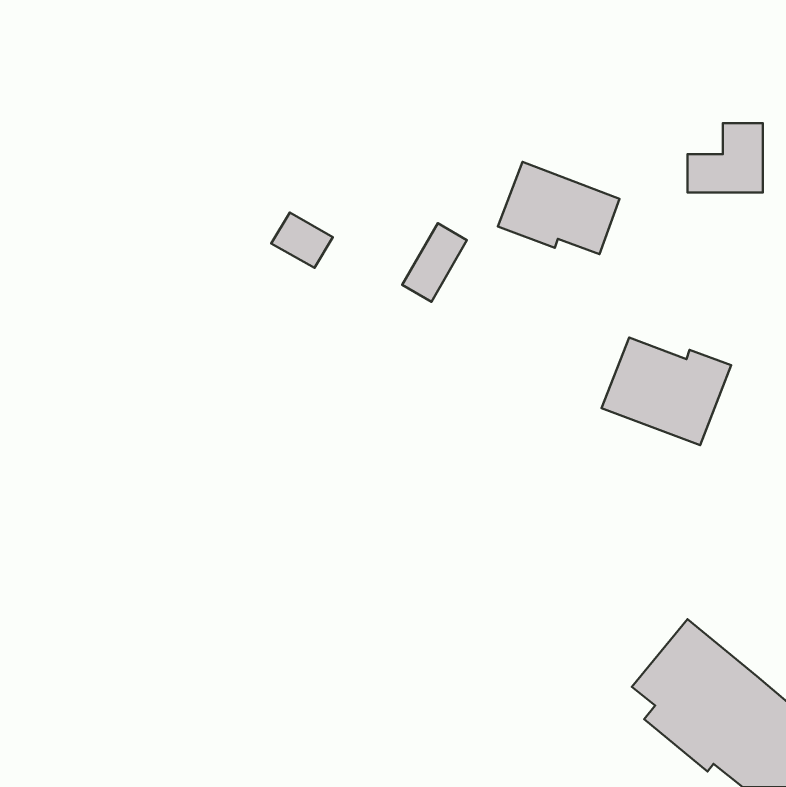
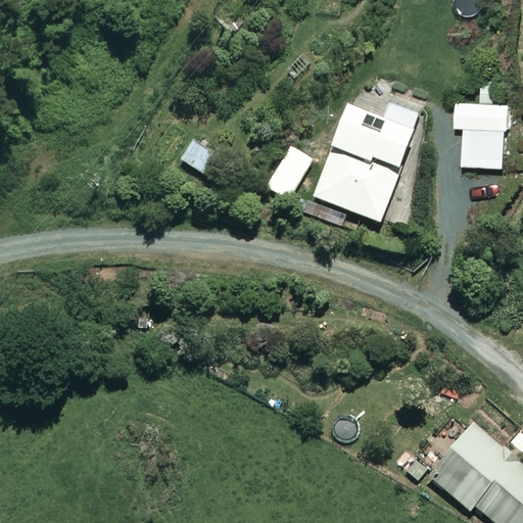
building: none -> [463,128,507,167]
building: [602,337,731,445] -> [313,150,398,222]

